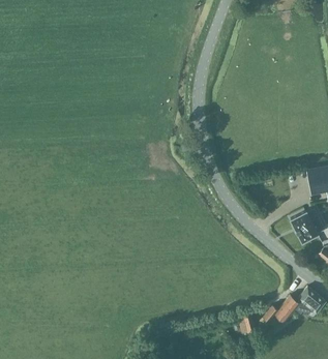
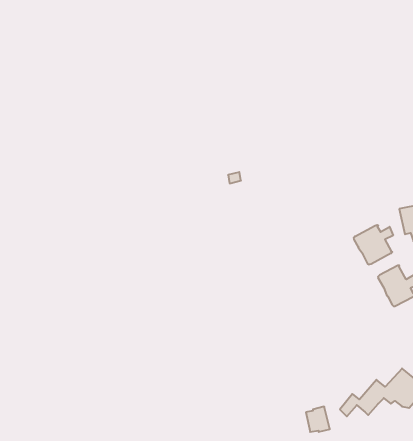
building: none -> [354,225,393,265]

